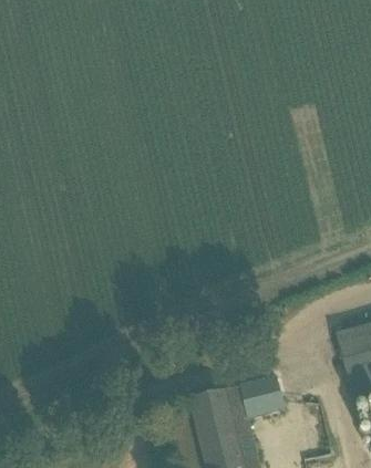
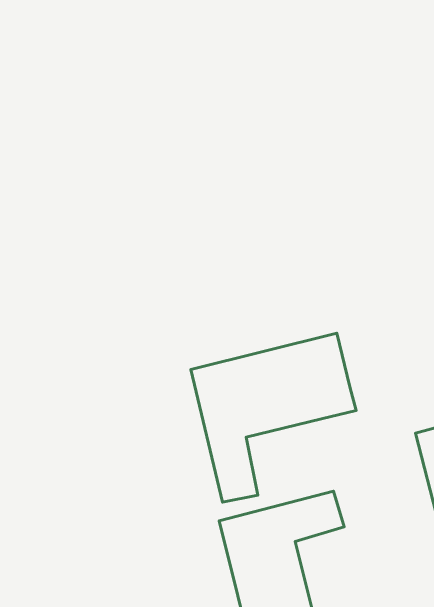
building: none -> [191,333,356,502]

